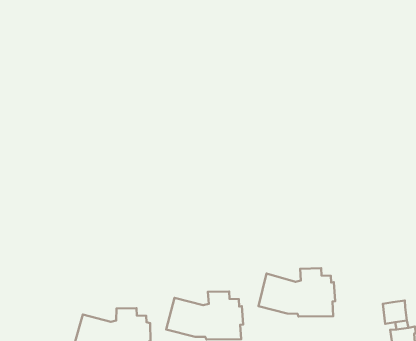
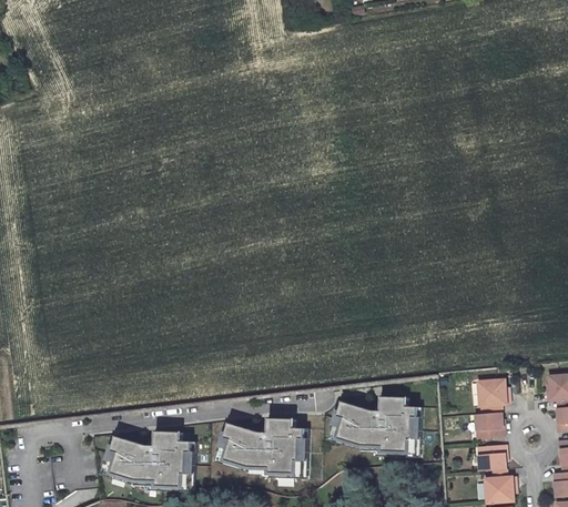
building: none -> [477,376,510,404]
building: none -> [475,410,503,436]

